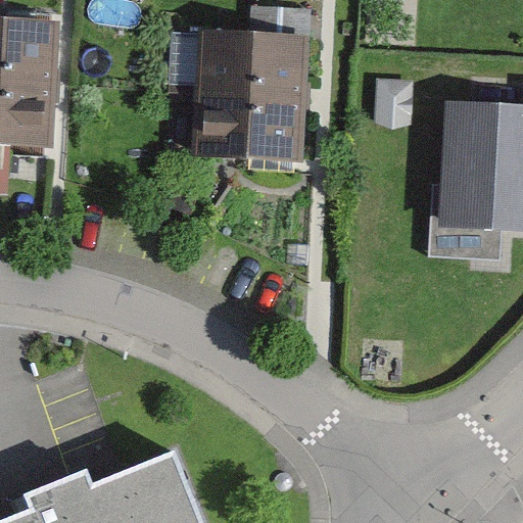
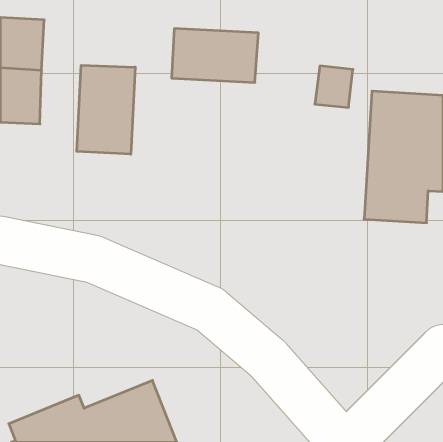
building: none -> [77,65,135,154]
building: [199,92,300,159] -> none

